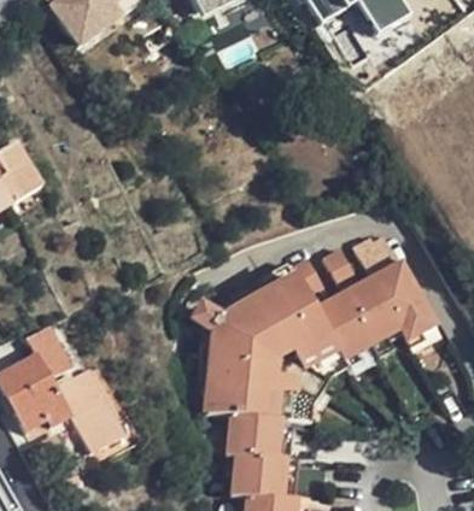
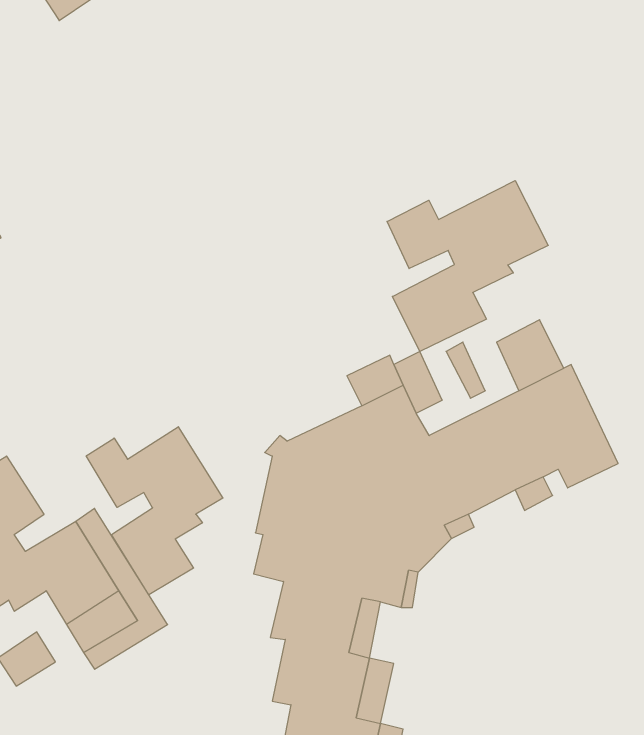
building: none -> [387,181,548,351]
building: none -> [86,427,223,595]

